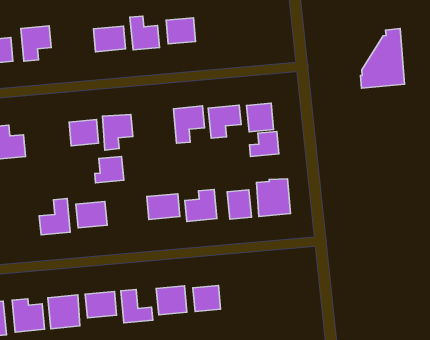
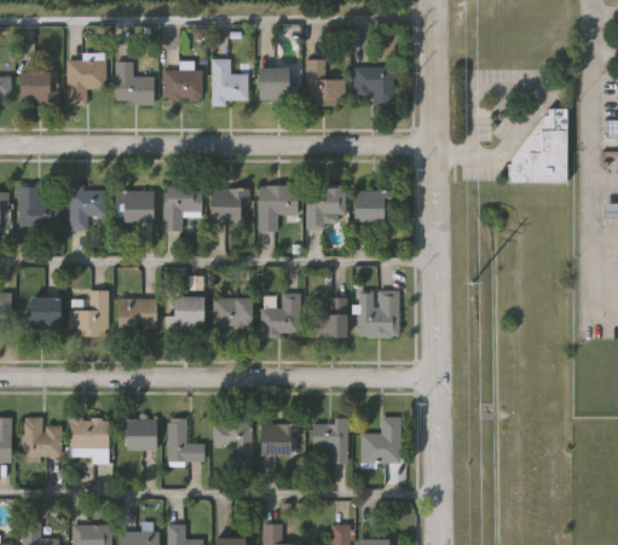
building: none -> [305,59,345,104]
building: none -> [352,66,394,103]
building: none -> [115,62,152,104]
building: none -> [212,187,248,219]
building: none -> [69,189,104,231]
building: [249,132,279,156] -> none
building: [95,156,124,183] -> [167,297,204,329]
building: none -> [31,297,62,330]
building: none -> [360,417,400,463]
building: none -> [312,419,347,463]

